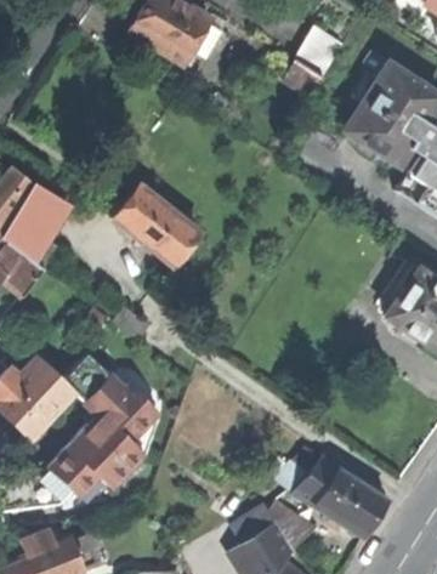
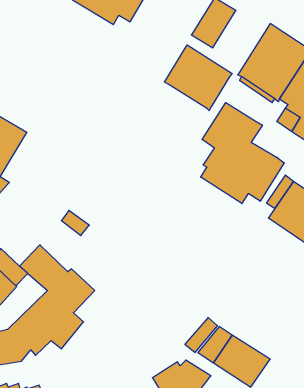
building: none -> [164,45,232,111]
building: none -> [201,103,284,204]
building: [112,184,198,266] -> none

